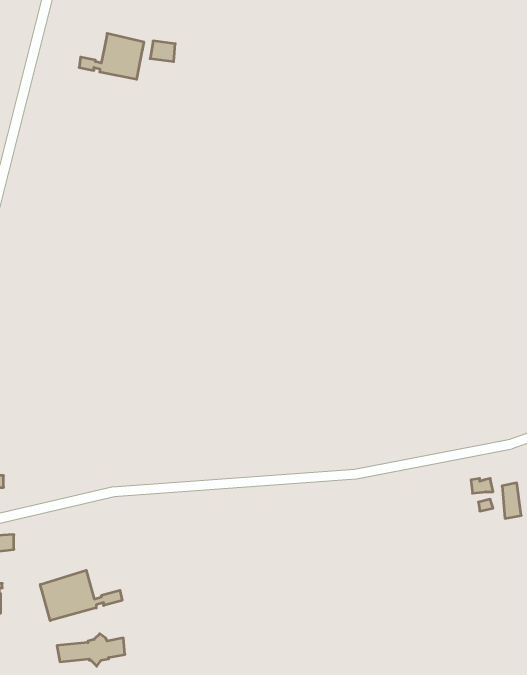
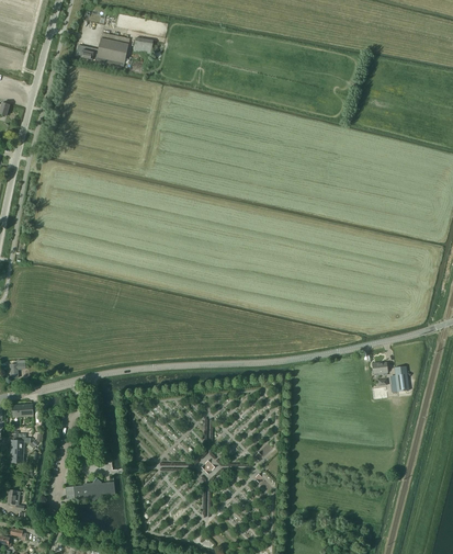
building: [40,570,122,621] -> none

